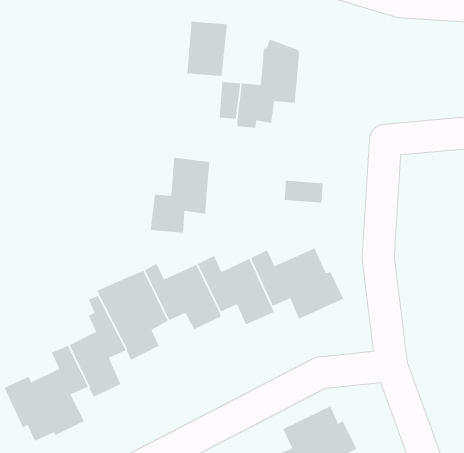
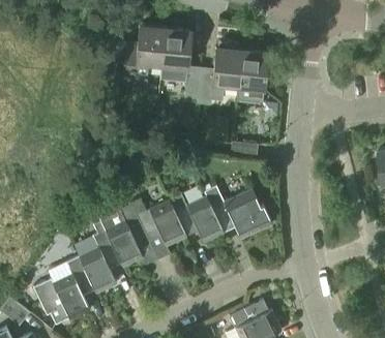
building: none -> [235,50,266,102]
building: [150,157,210,234] -> [121,26,164,80]

